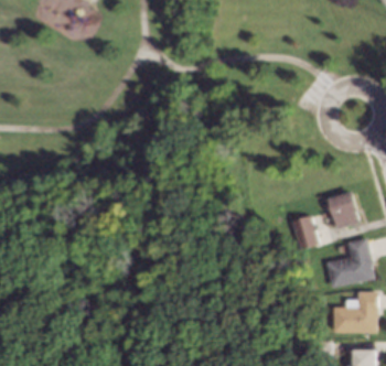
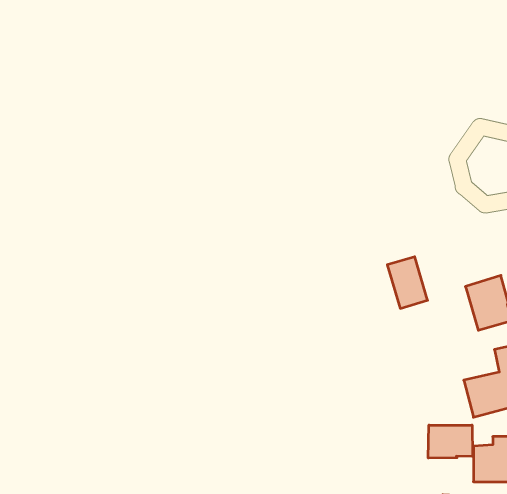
building: [291,215,319,250] -> [387,257,428,308]
building: none -> [428,425,472,458]

